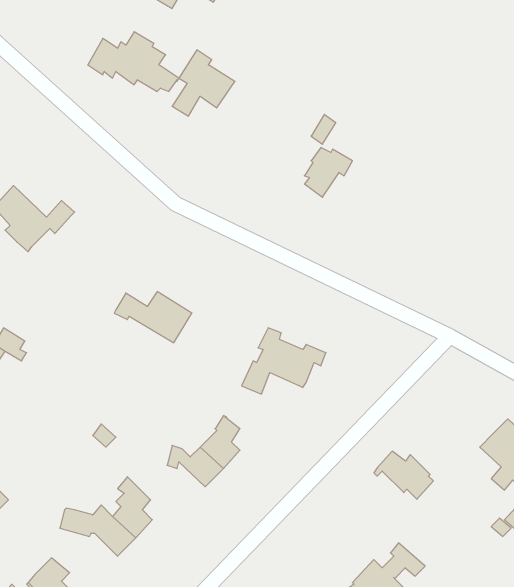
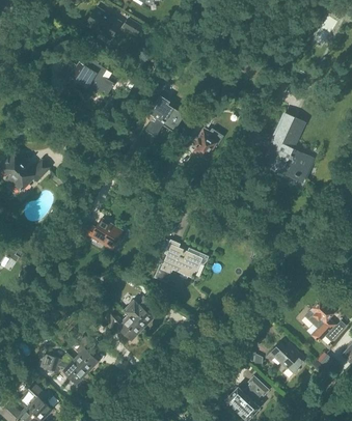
building: [172,50,235,116] -> [144,95,184,137]
building: none -> [263,112,312,178]
building: [374,451,433,499] -> [266,343,303,373]

